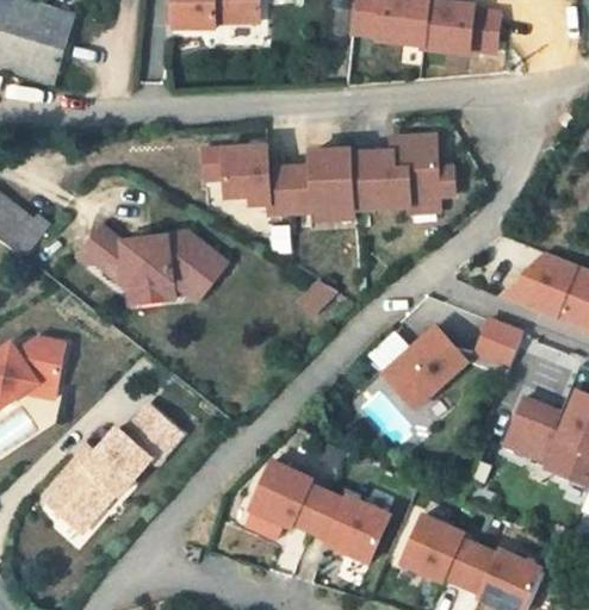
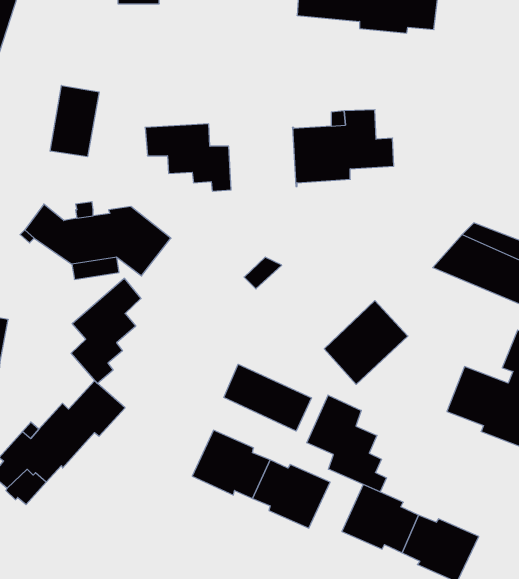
building: none -> [50,85,99,157]
building: [286,151,354,214] -> none
building: none -> [71,278,141,384]
building: [475,322,521,369] -> none
building: none -> [224,364,311,431]
building: none -> [307,395,386,492]

